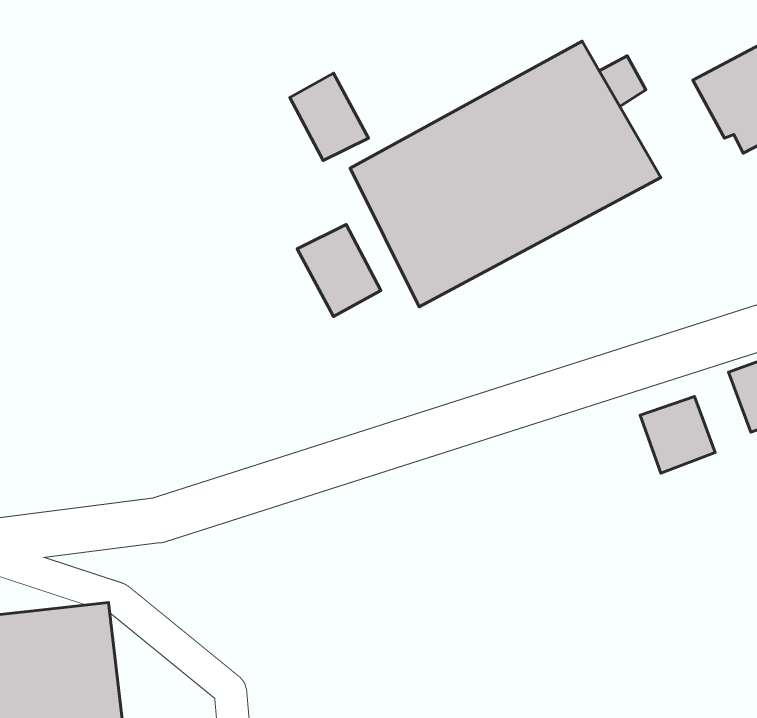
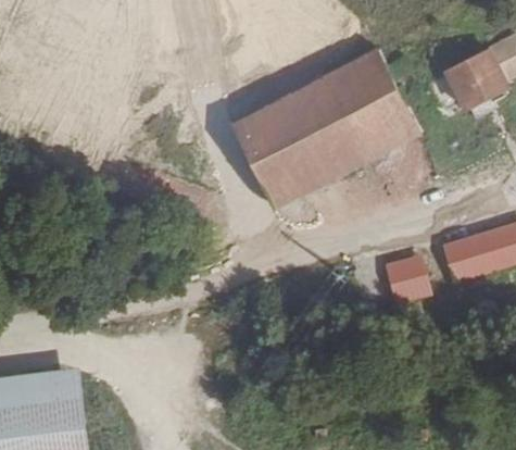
building: [290,73,368,161] -> none
building: [297,224,381,317] -> none

